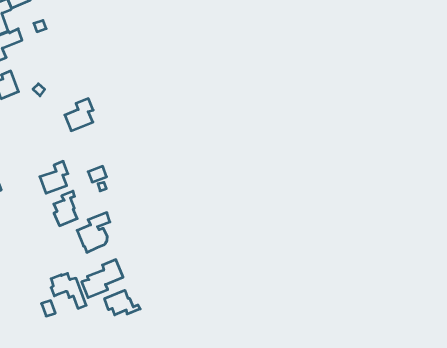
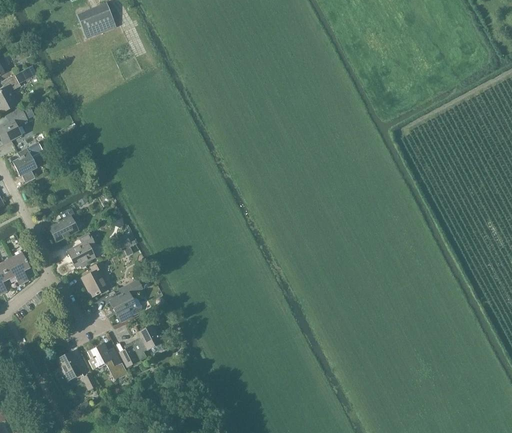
building: [65,99,93,131] -> [48,207,77,241]
building: none -> [56,351,83,388]
building: [105,290,140,315] -> none

